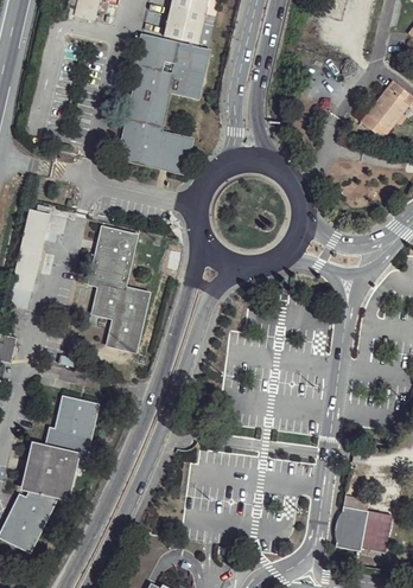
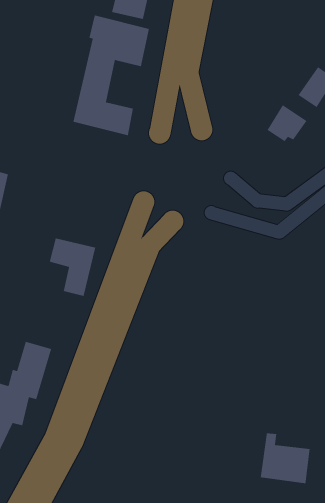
building: none -> [267,104,307,142]
building: [93,228,135,286] -> none

